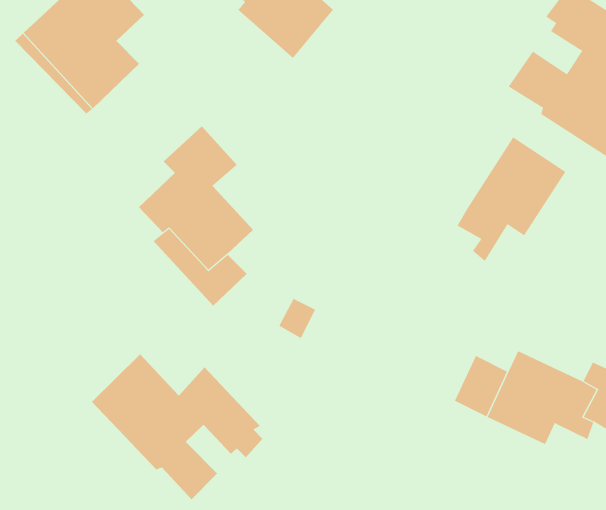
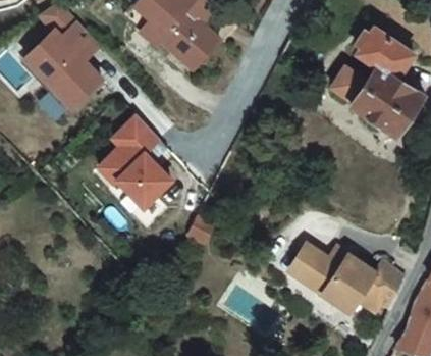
building: [457,136,566,262] -> none
building: [91,354,263,500] -> none

